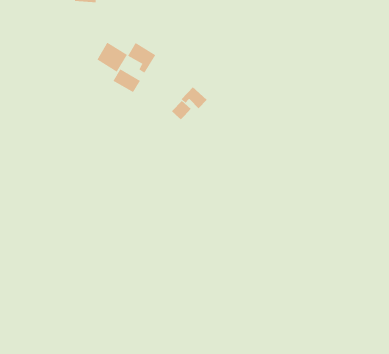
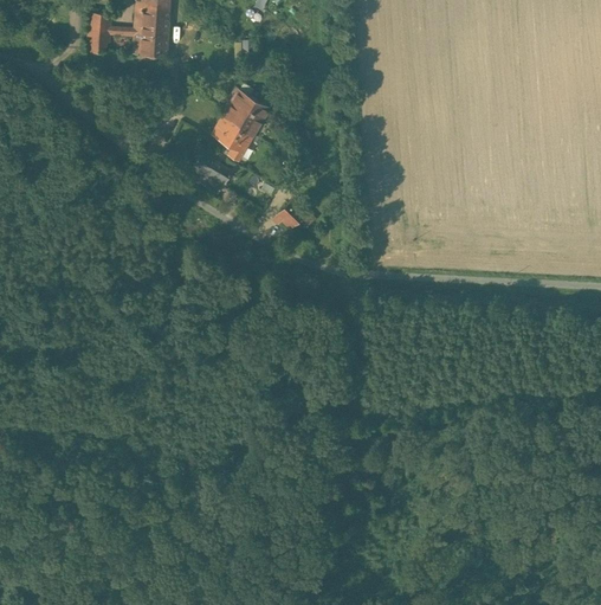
building: [96,42,128,72] -> [222,90,269,135]
building: [181,86,207,109] -> none

